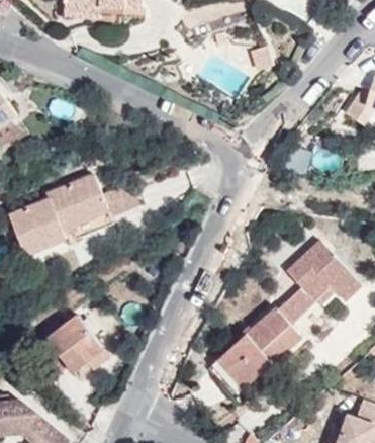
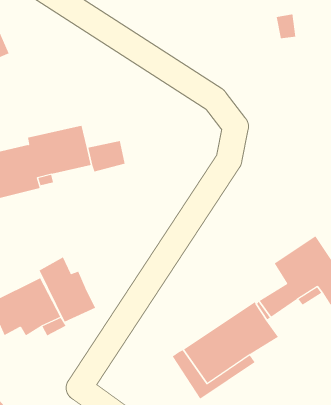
building: none -> [39,257,96,322]

